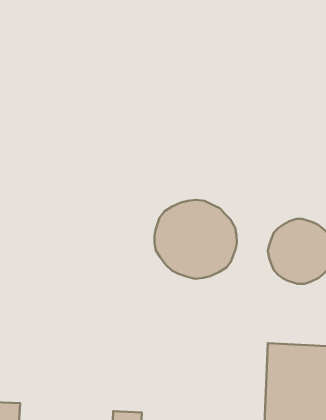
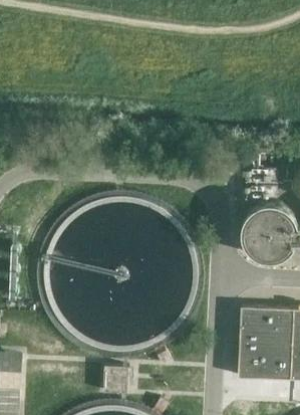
building: [154,200,237,279] -> none

